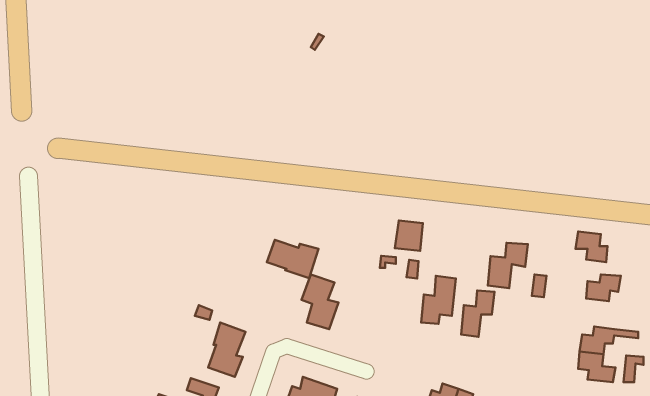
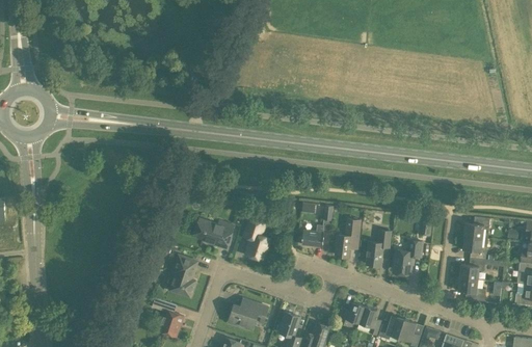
building: [395,220,423,251] -> [301,223,323,247]
building: [576,232,608,262] -> [461,236,486,260]
building: [267,240,319,278] -> [193,218,234,248]
building: [488,243,528,288] -> [393,240,424,275]

